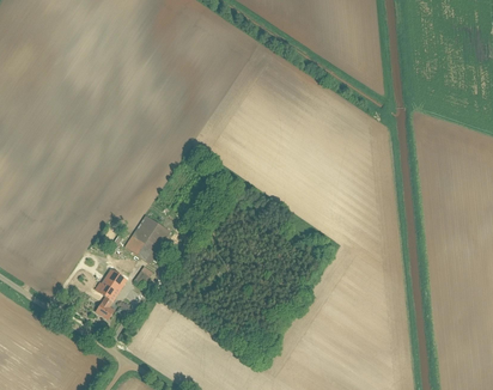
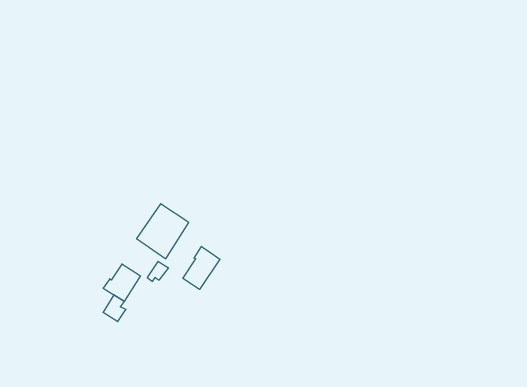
building: none -> [183,246,220,289]

